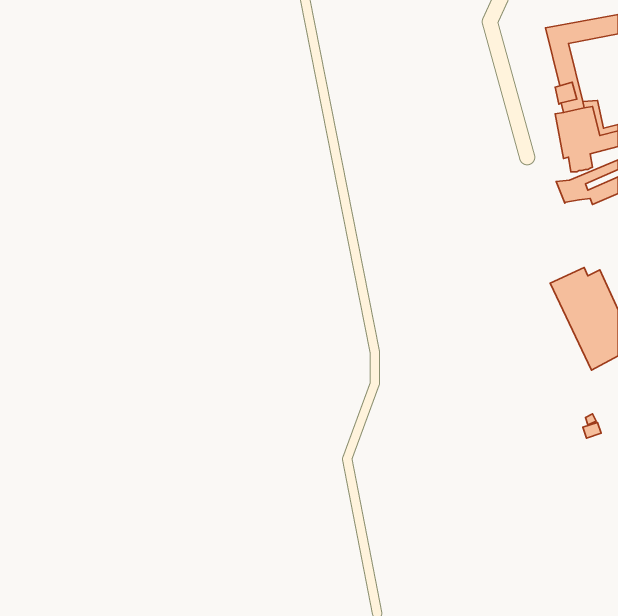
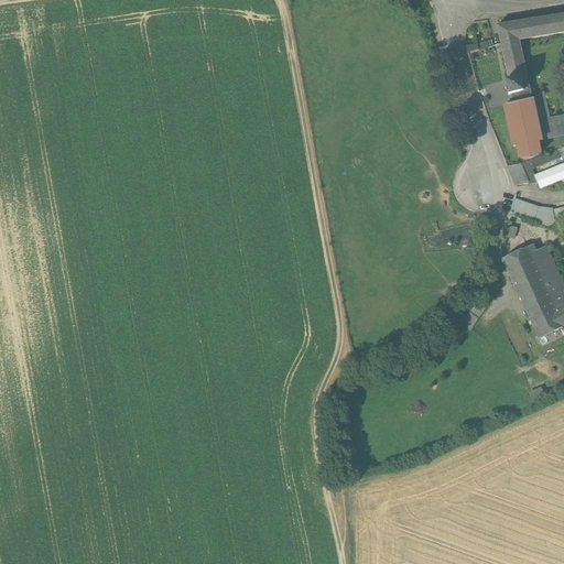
building: none -> [510,196,555,225]

